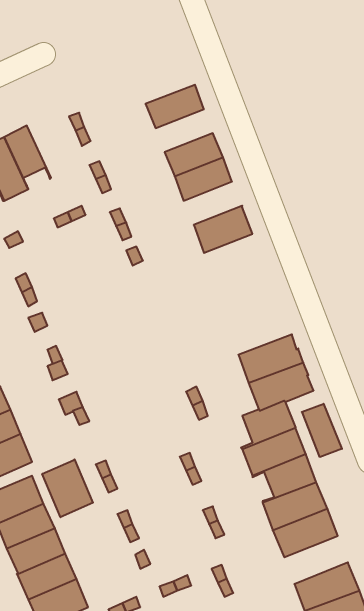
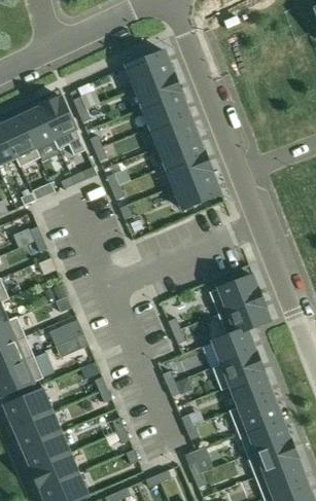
building: none -> [126,50,174,88]
building: none -> [142,93,188,128]
building: none -> [38,96,84,155]
building: none -> [165,151,212,186]
building: [302,404,342,457] -> none
building: [42,459,93,517] -> none
building: none -> [246,437,297,476]

